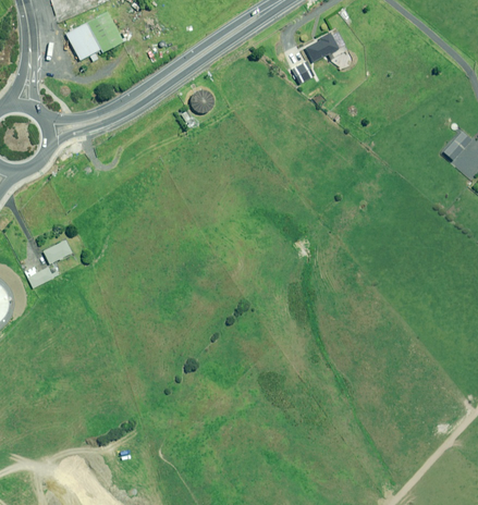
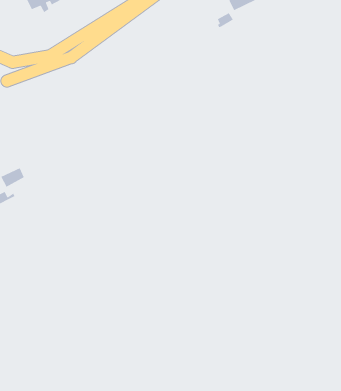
building: [189,89,213,112] -> none

